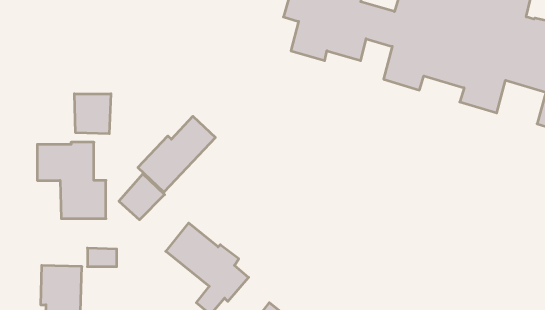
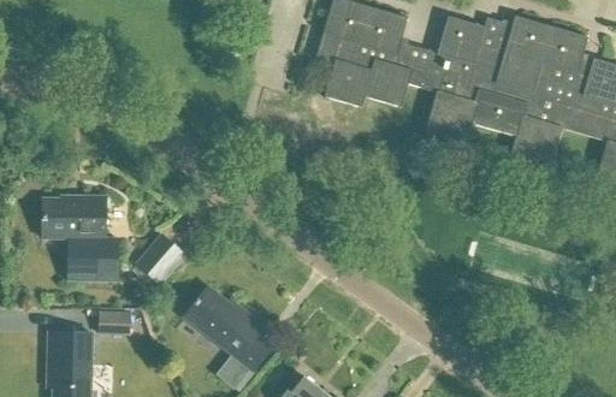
building: [74,94,111,134] -> none
building: [138,116,215,192] -> none

